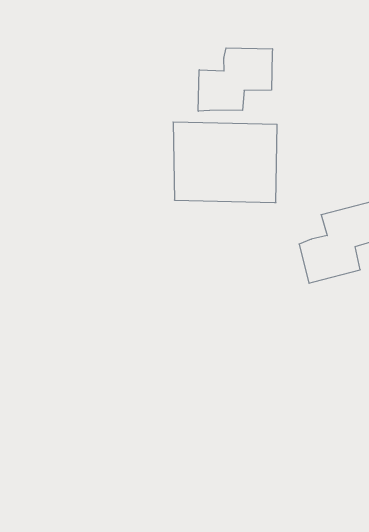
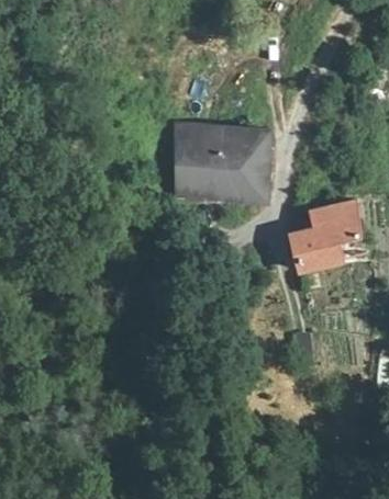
building: [198,48,272,111] -> none

